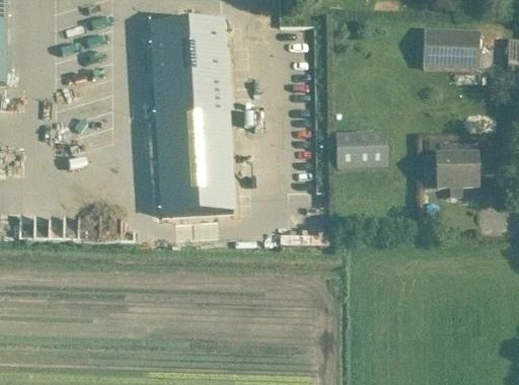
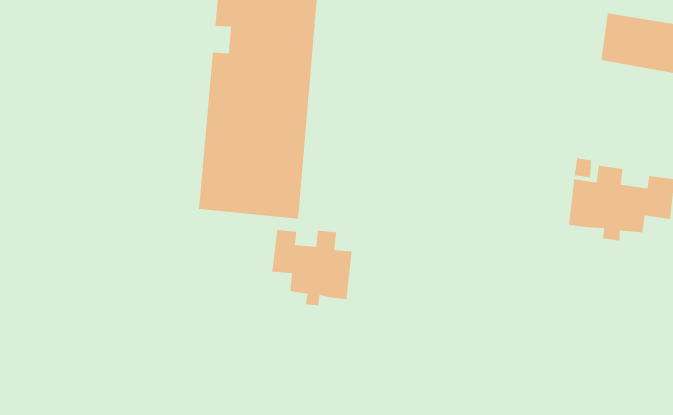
building: [335,127,388,168] -> none
building: none -> [271,229,353,306]

